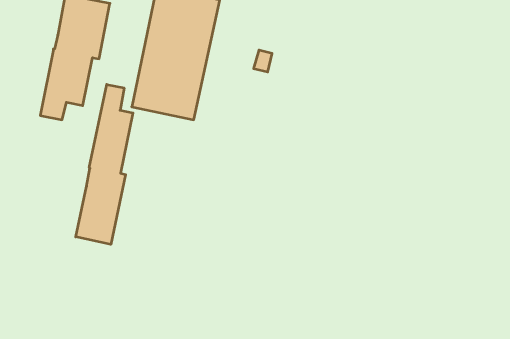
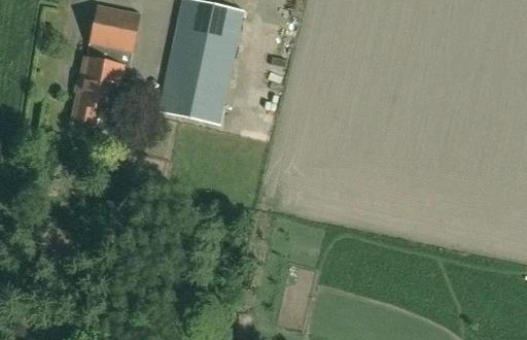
building: [76,84,133,244] -> none

